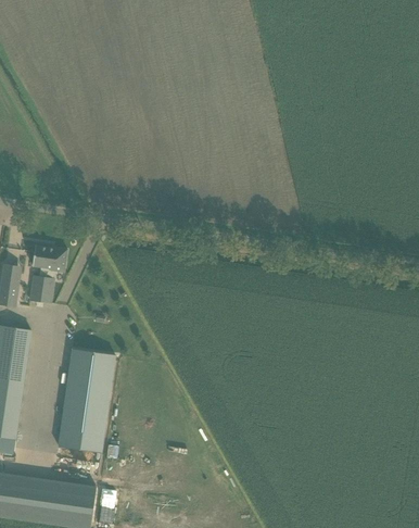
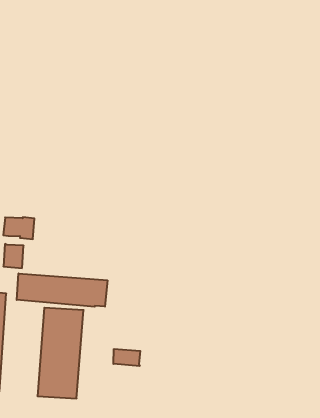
building: none -> [17,273,107,307]
building: none -> [113,349,140,366]

